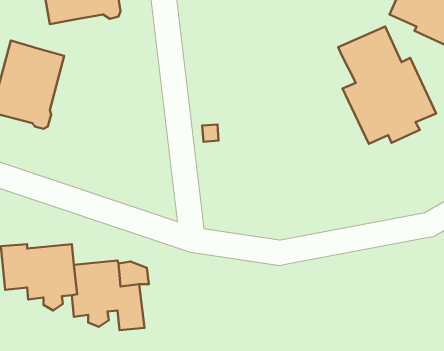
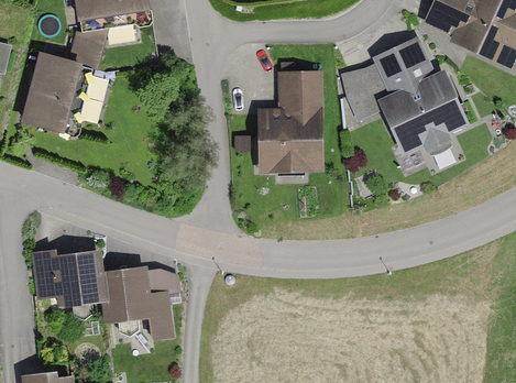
building: none -> [69,25,108,63]
building: none -> [339,62,388,120]
building: none -> [256,66,325,169]

